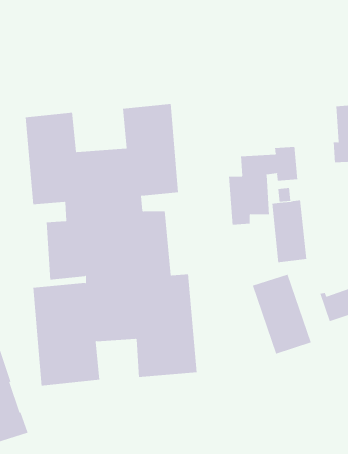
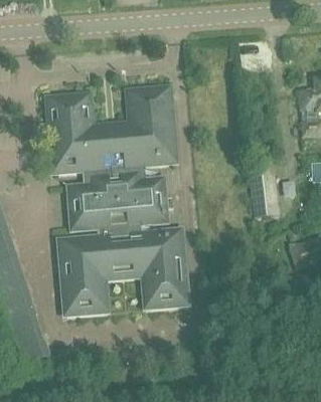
building: [229,146,298,225] -> none
building: [252,274,311,354] -> none

